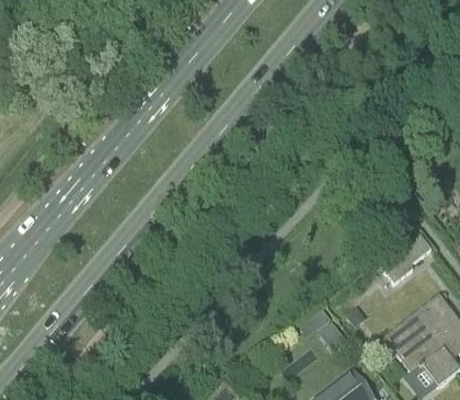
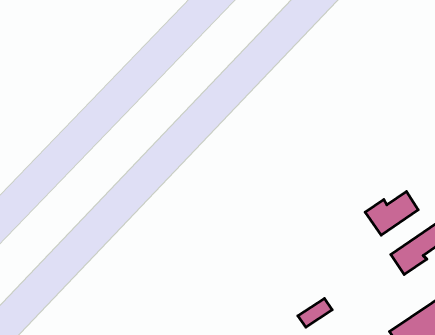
building: none -> [365,192,418,235]

